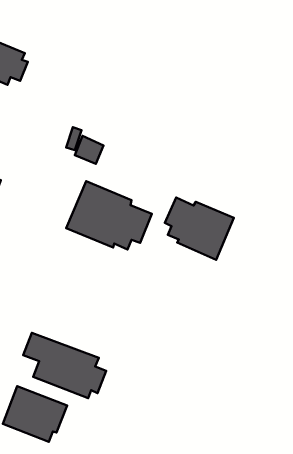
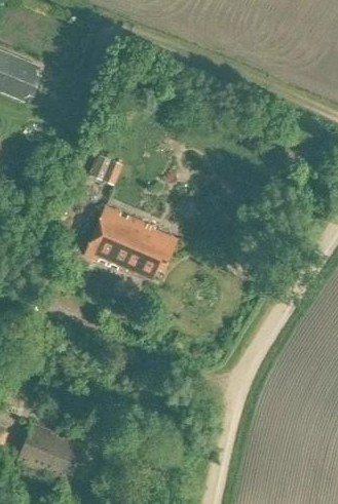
building: [165,198,234,260] -> none
building: [23,333,106,398] -> none

